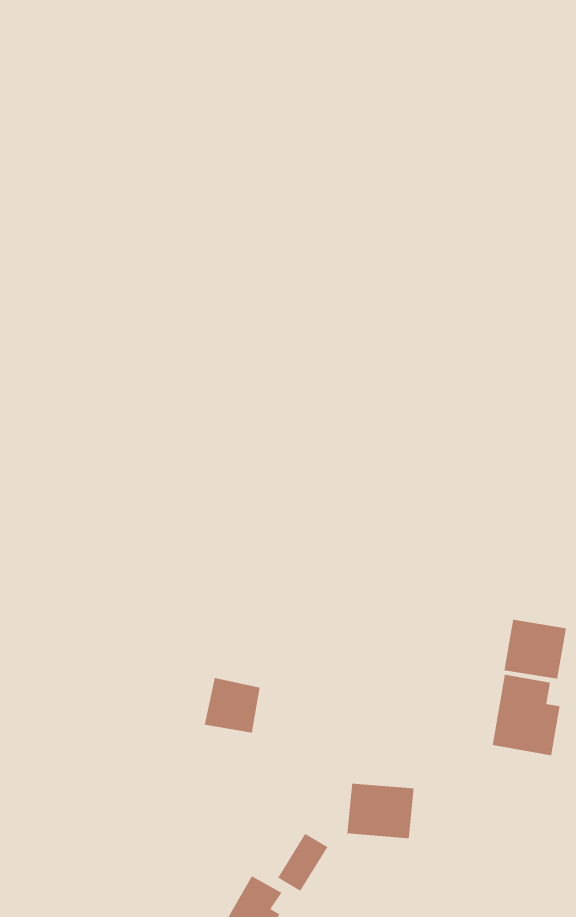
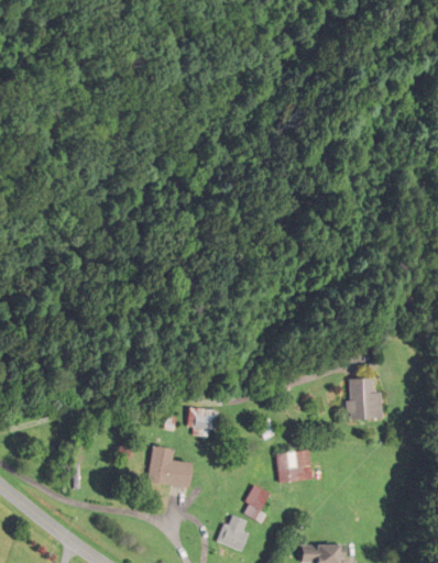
building: [504,619,567,680] -> none
building: none -> [149,446,191,485]

